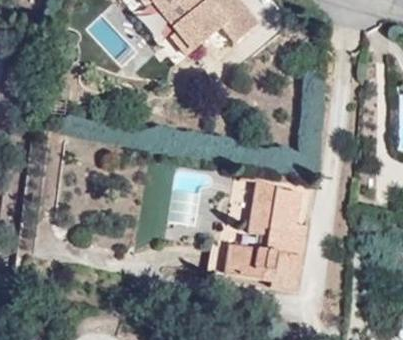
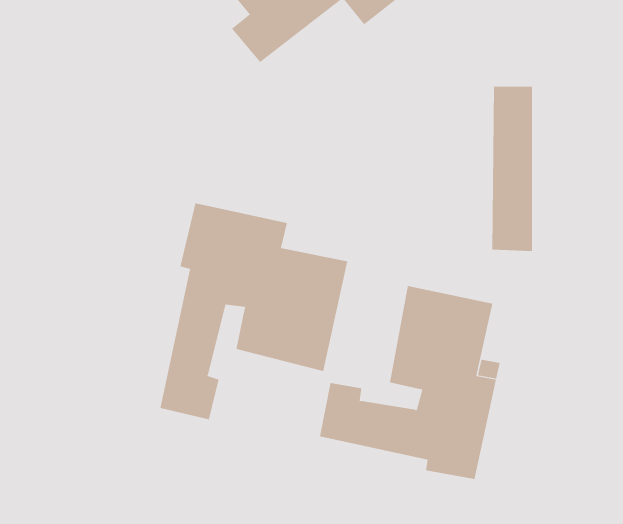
building: none -> [160,203,348,420]

